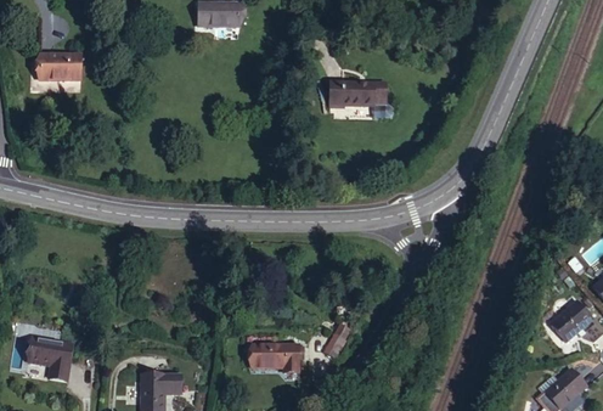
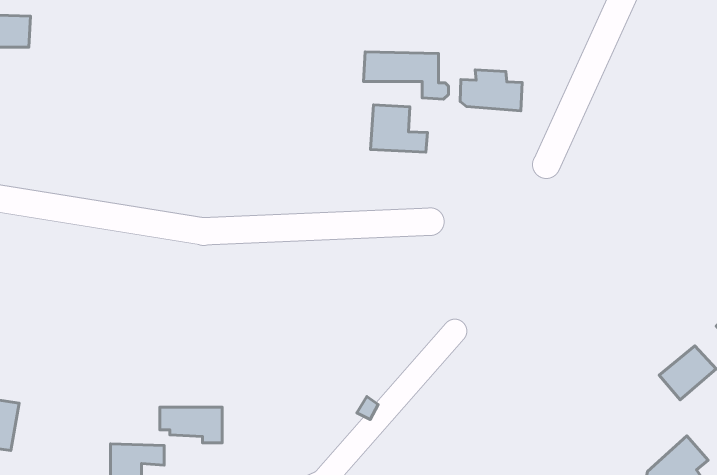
building: none -> [460,70,522,111]
building: none -> [370,105,428,152]
building: [252,345,298,372] -> [160,407,222,443]

